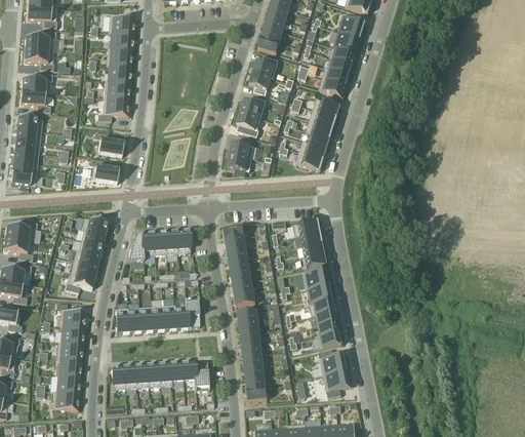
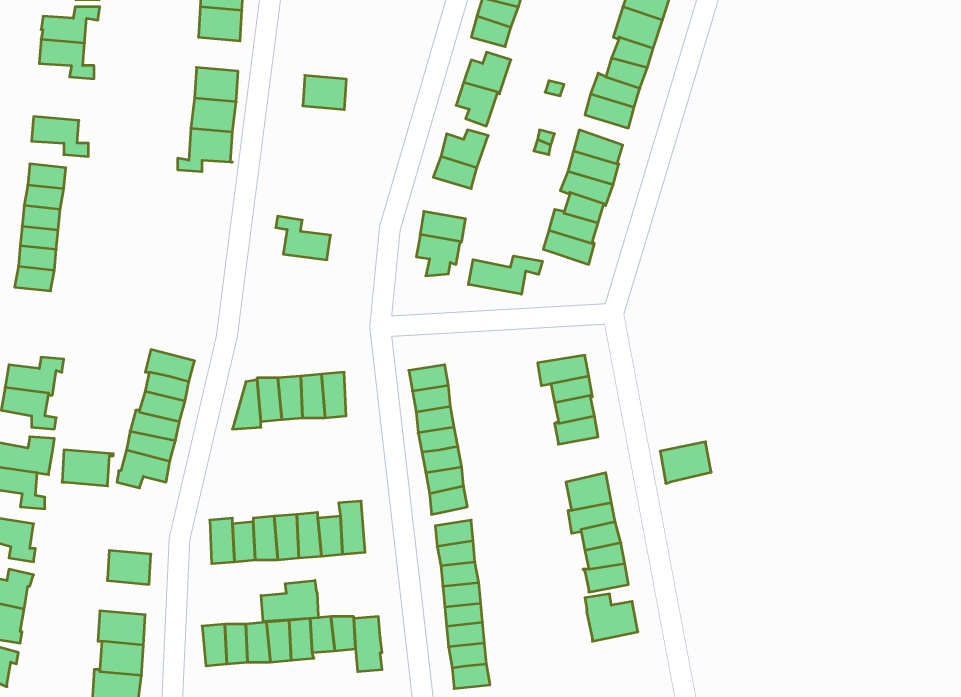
building: [108,47,131,66] -> [303,75,346,110]
building: [19,72,51,92] -> none
building: [93,131,123,155] -> [276,216,331,260]
building: [88,158,118,183] -> none
building: none -> [468,256,542,294]
building: [301,267,329,289] -> [660,442,711,483]
building: [58,308,86,327] -> [62,450,113,486]
building: [55,341,82,360] -> none
building: none -> [261,580,319,622]
building: [322,369,350,397] -> none

